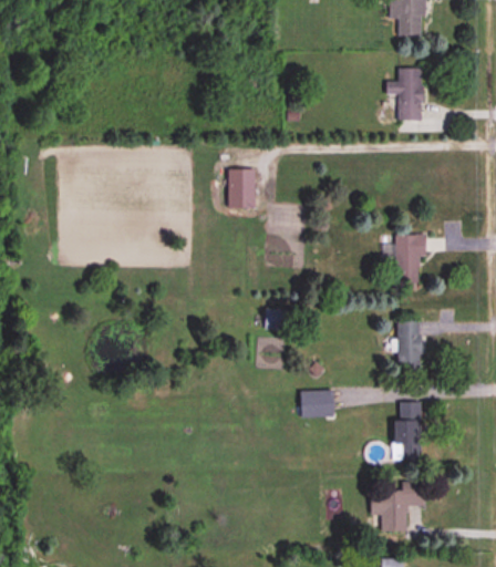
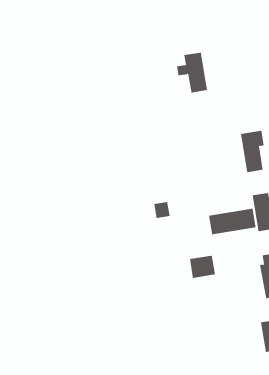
building: [385,69,422,121] -> [176,52,208,93]
building: [228,169,255,208] -> none
building: none -> [209,208,256,235]

